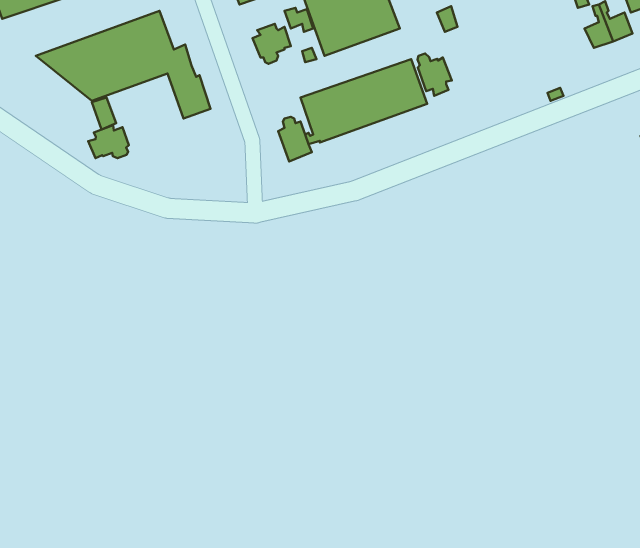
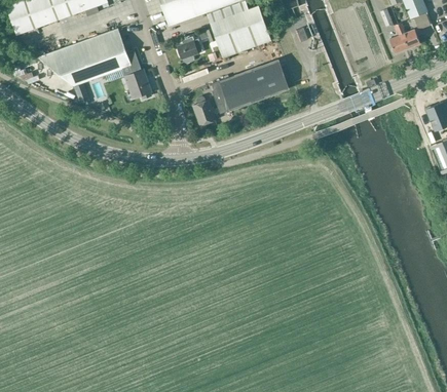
building: [418,53,452,96] -> none
building: [88,125,129,158] -> none

